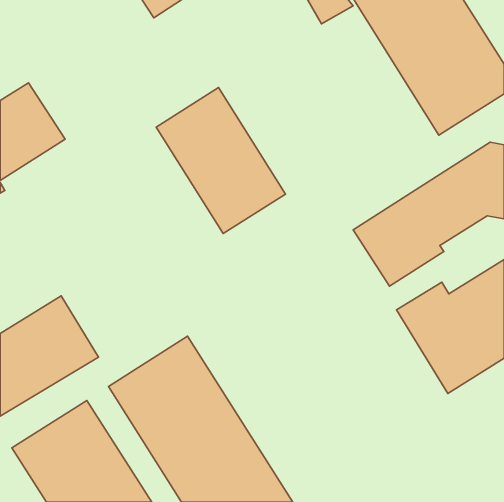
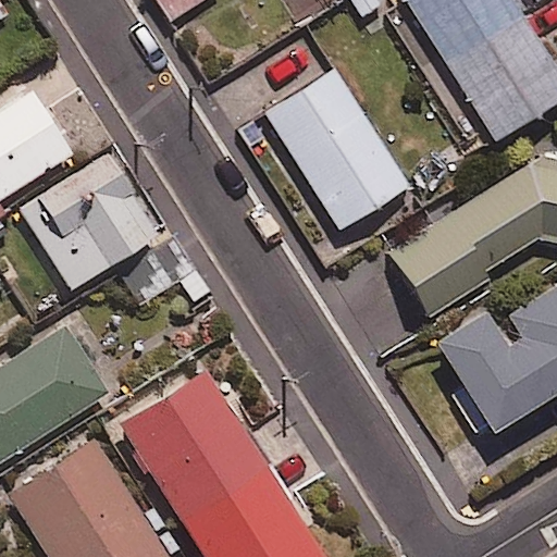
building: [156,88,285,234] -> [267,69,409,230]
building: none -> [18,153,160,290]

